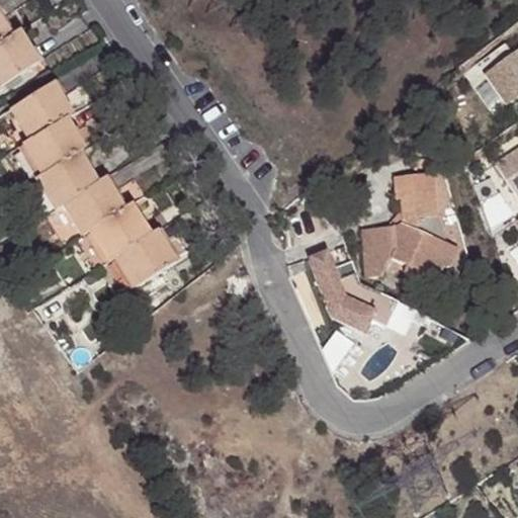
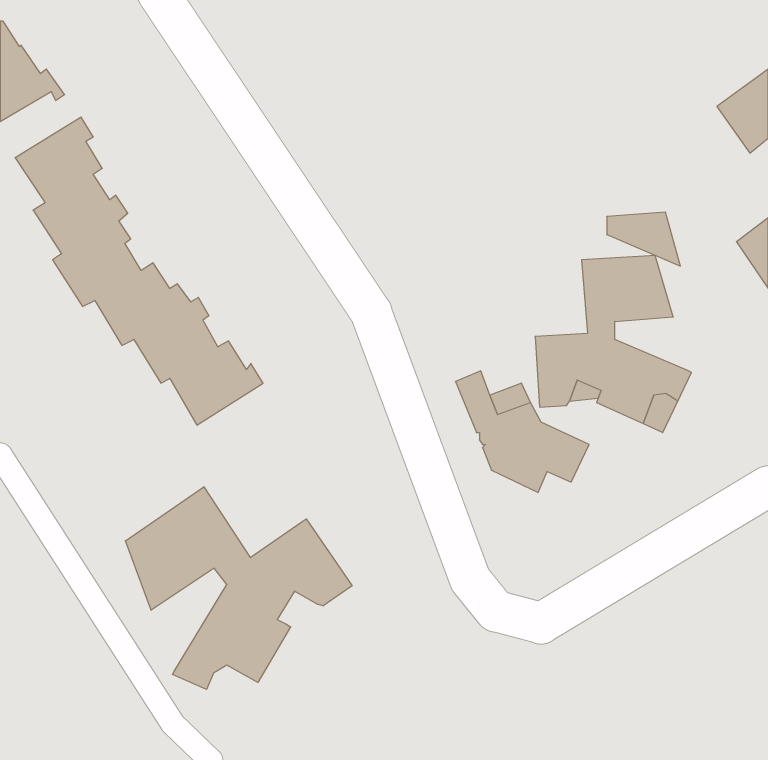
building: [414,213,463,250] -> [607,212,680,266]
building: none -> [125,487,352,689]

